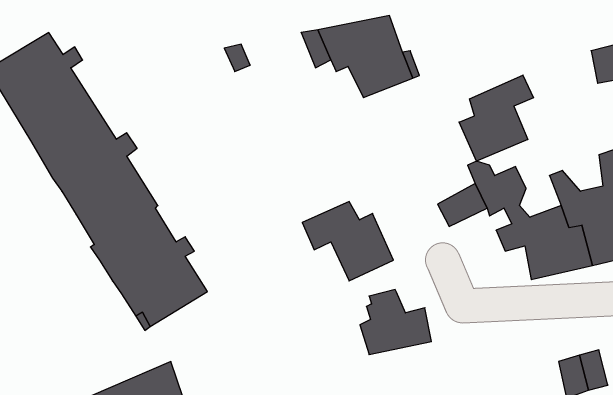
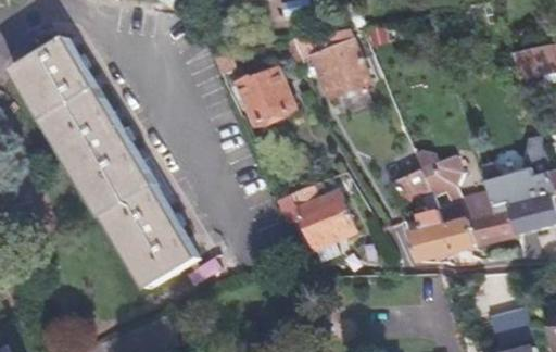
building: none -> [227,65,290,124]
building: [459,75,533,161] -> none
building: [360,290,431,355] -> [406,204,466,259]

